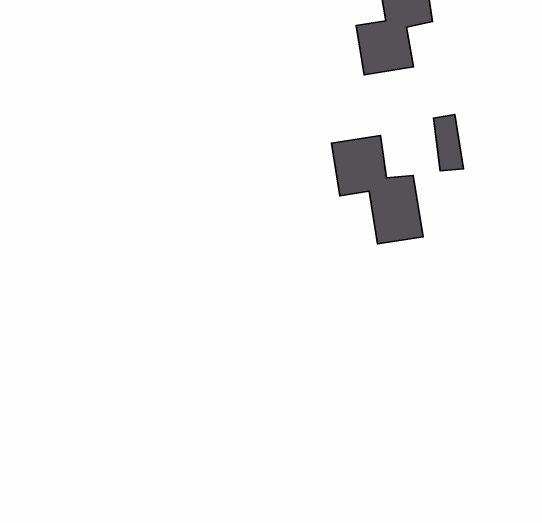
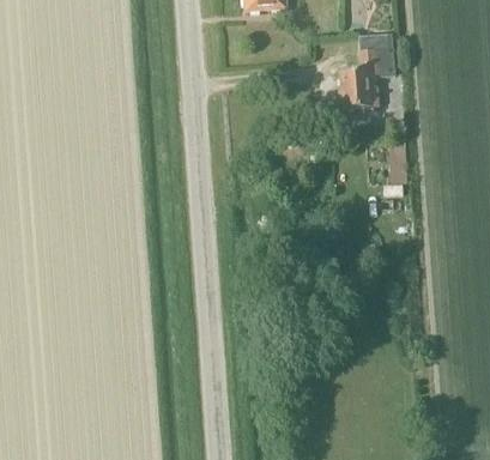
building: [331,136,423,244] -> none

